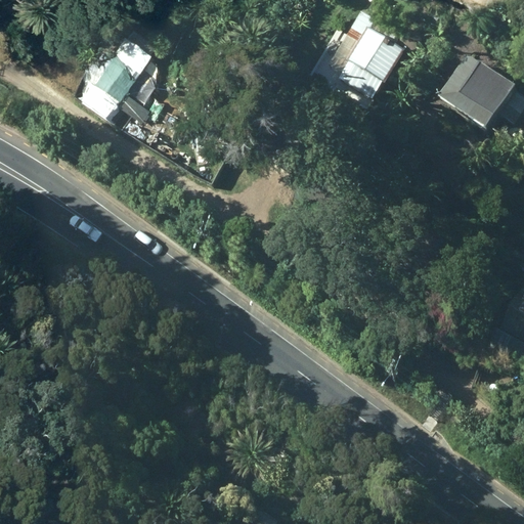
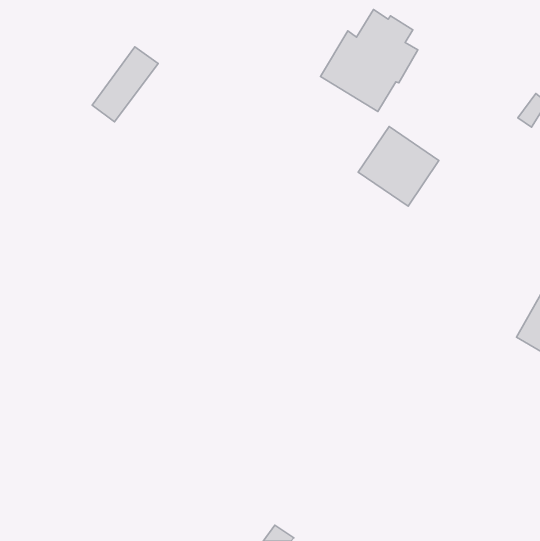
building: [439,52,517,129] -> [358,127,439,206]

